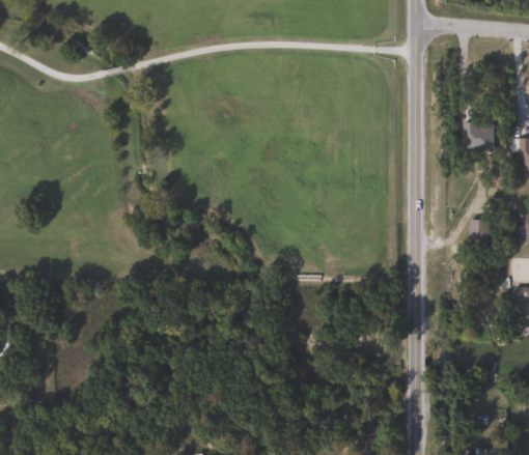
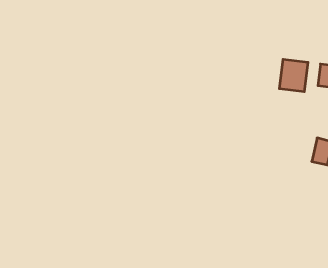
building: none -> [279,59,308,92]

